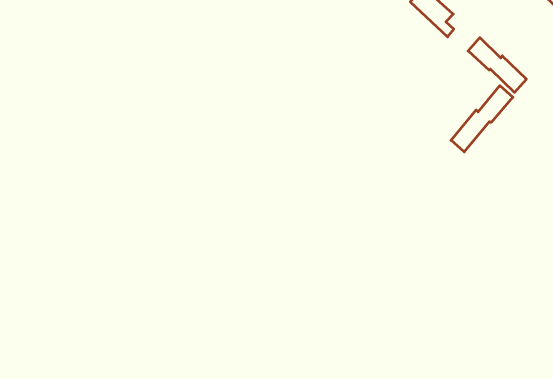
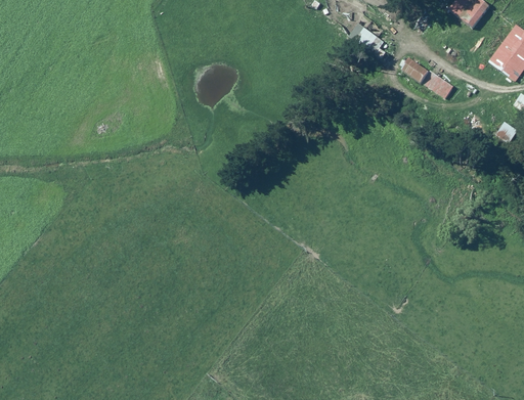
building: [451,86,513,152] -> none

